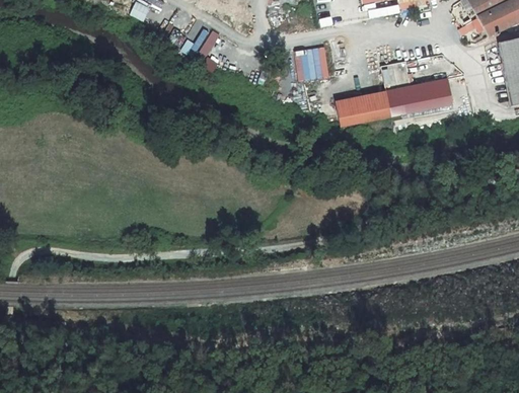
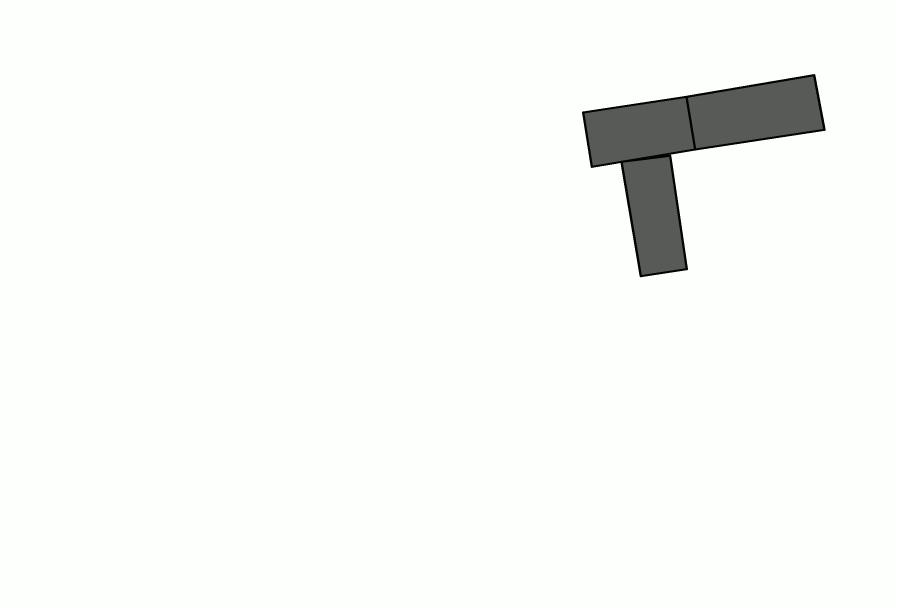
building: none -> [622,156,687,276]

